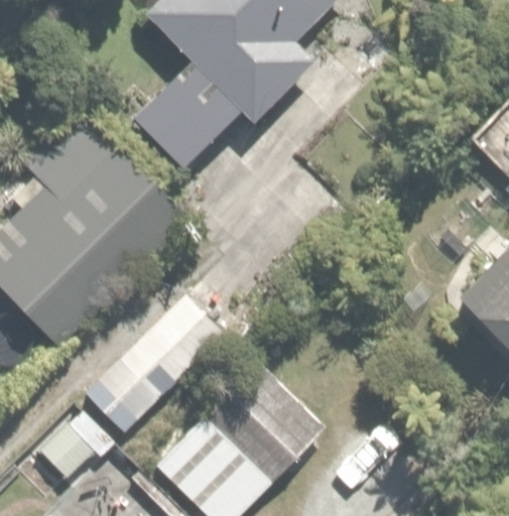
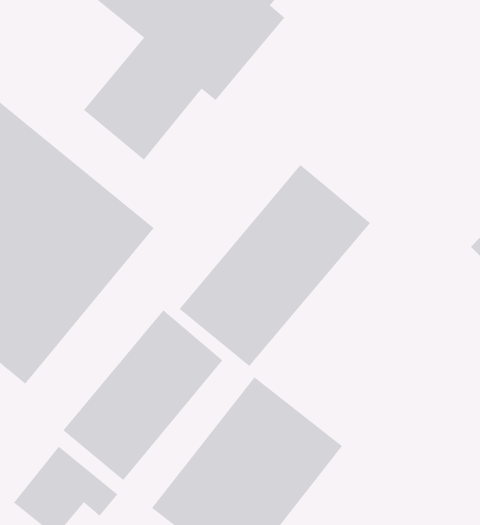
building: none -> [179,164,371,367]

